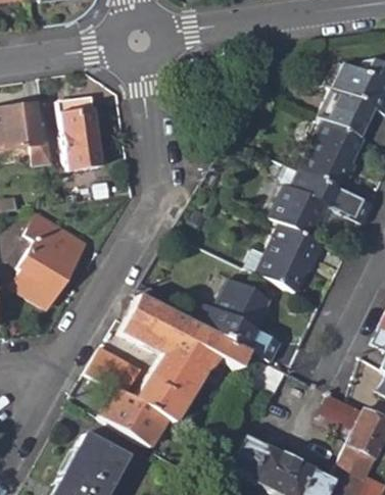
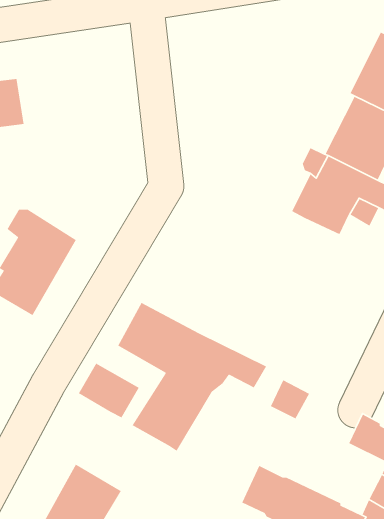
building: [59,95,103,169] -> none
building: [242,224,325,293] -> none
building: [191,278,279,361] -> none
building: [98,390,165,447] -> none

